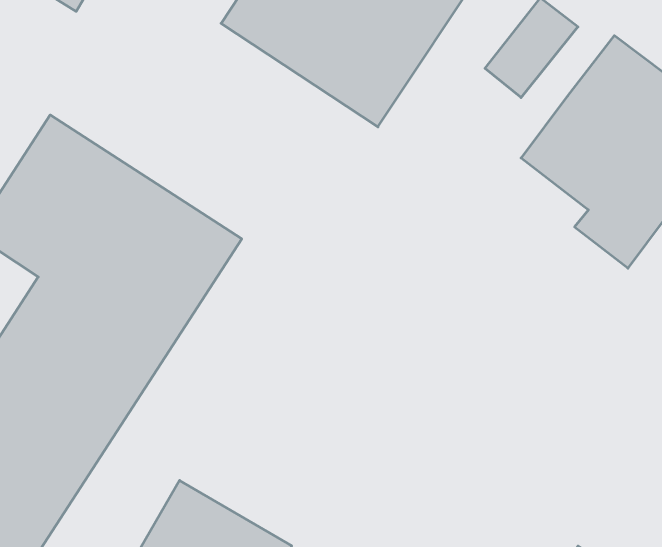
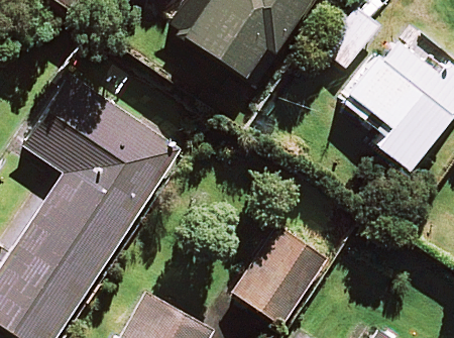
building: none -> [232,224,325,323]

